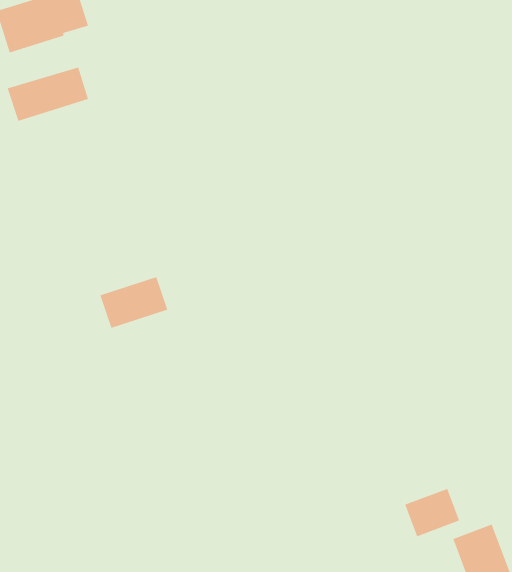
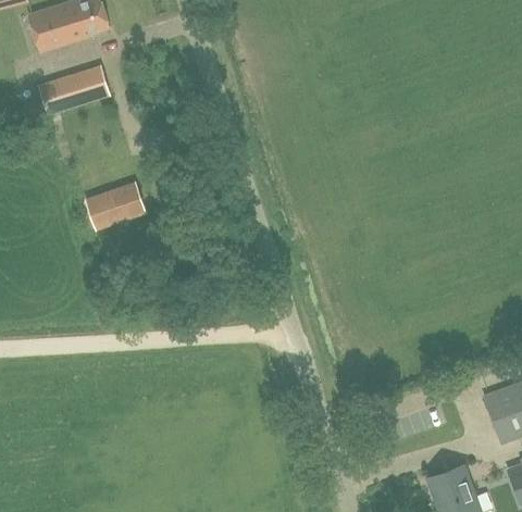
building: [100,276,168,329] -> [85,183,145,228]
building: [404,488,460,537] -> none

